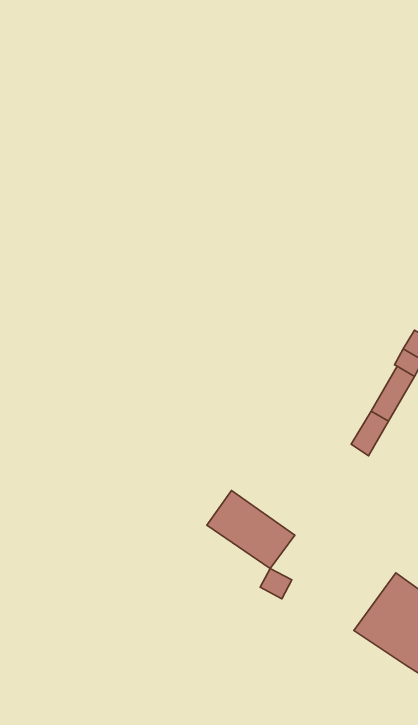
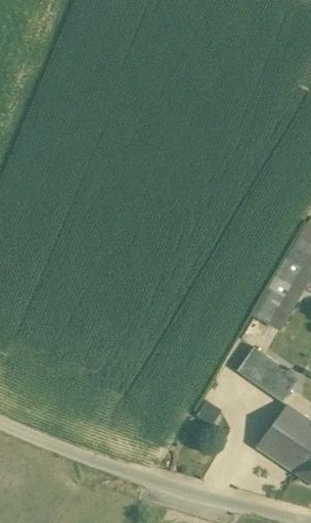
building: [207,490,295,568] -> [236,346,299,401]

